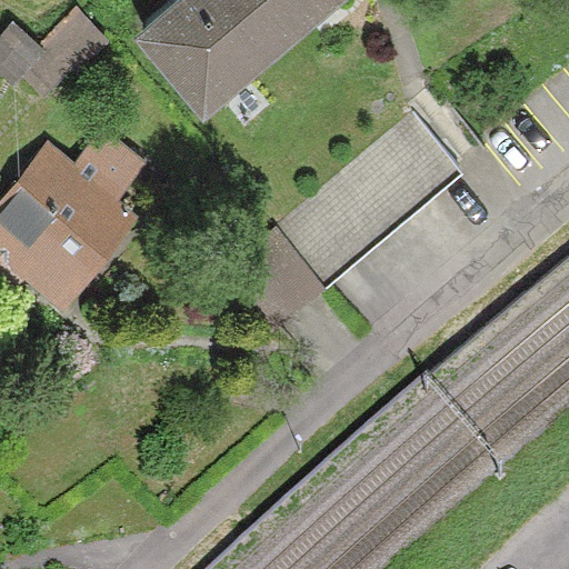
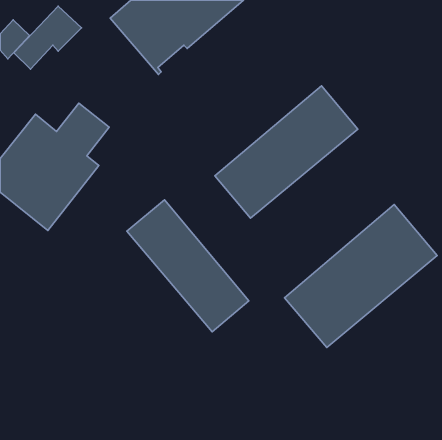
building: none -> [127,200,249,332]
building: none -> [285,204,437,348]

